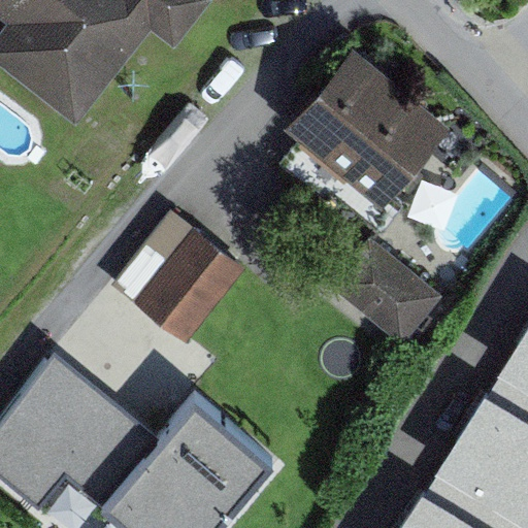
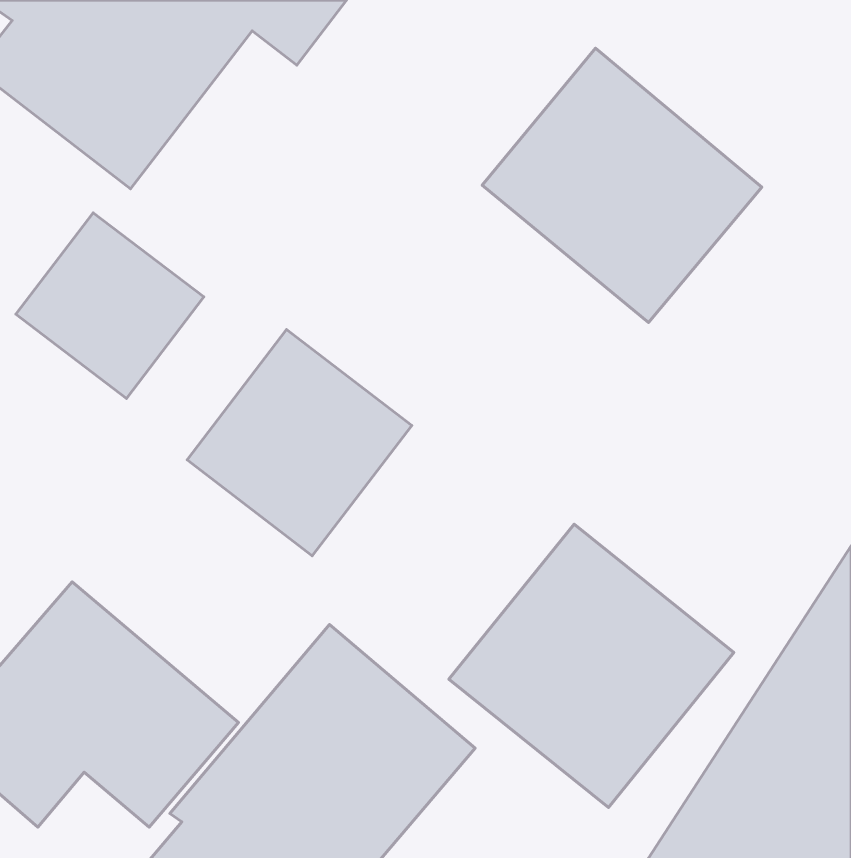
building: none -> [16,213,204,398]
building: [330,236,446,346] -> none
building: none -> [449,524,734,808]

